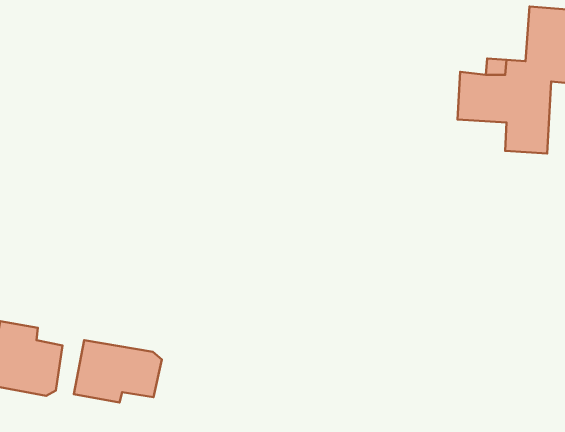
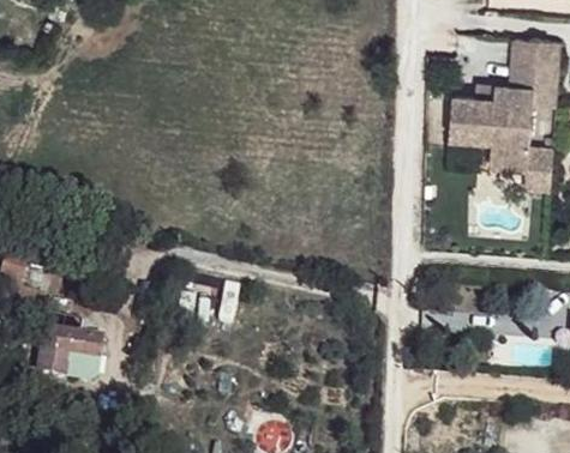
building: [74,340,162,402] -> none

